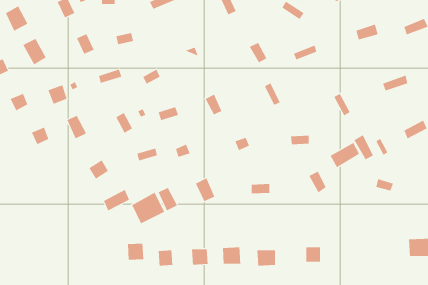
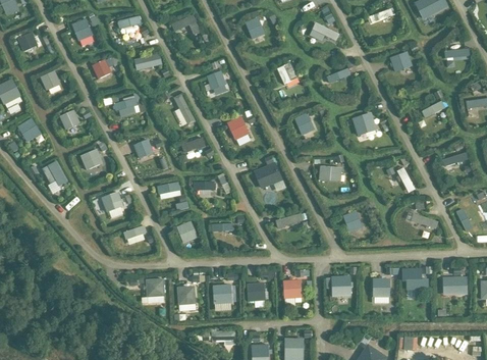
building: [330,142,360,168] -> none
building: [132,192,165,224] -> none
building: none -> [403,266,431,290]
building: none -> [374,277,393,302]

